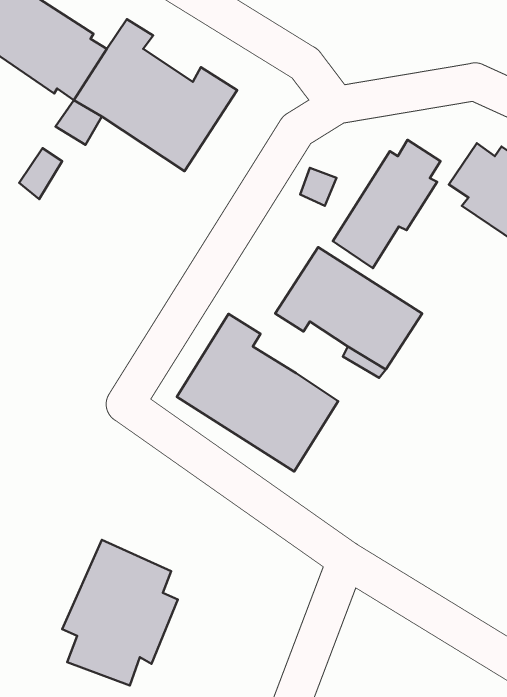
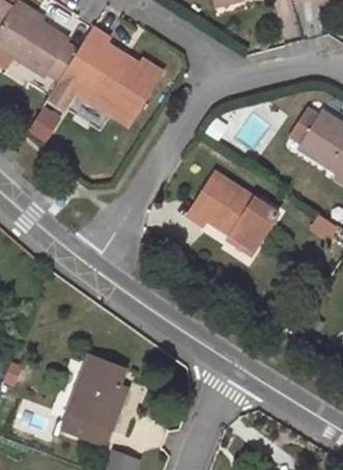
building: [333,140,441,268] -> none
building: [177,314,338,471] -> none

